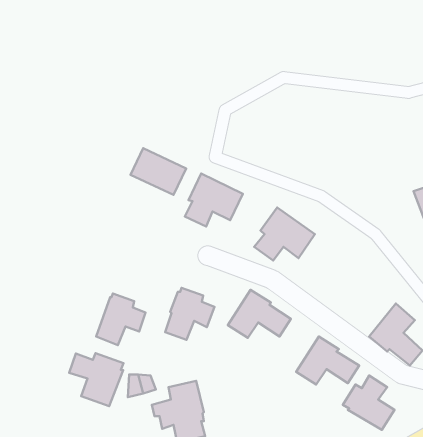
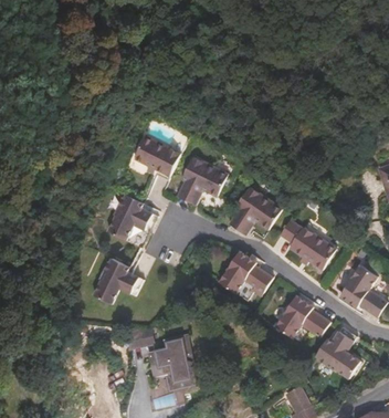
building: none -> [281,222,323,265]
building: [165,288,214,340] -> [108,194,151,239]
building: [69,353,124,406] -> none

